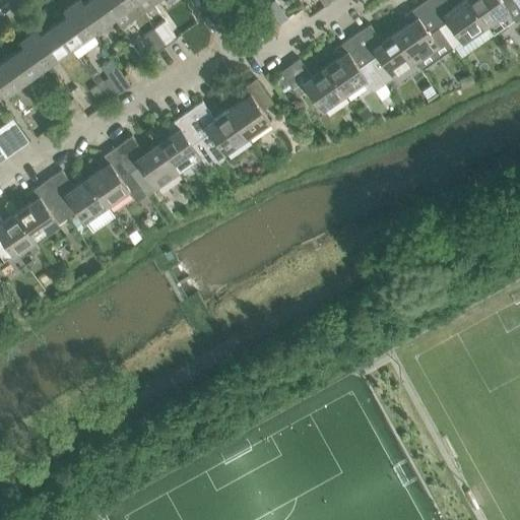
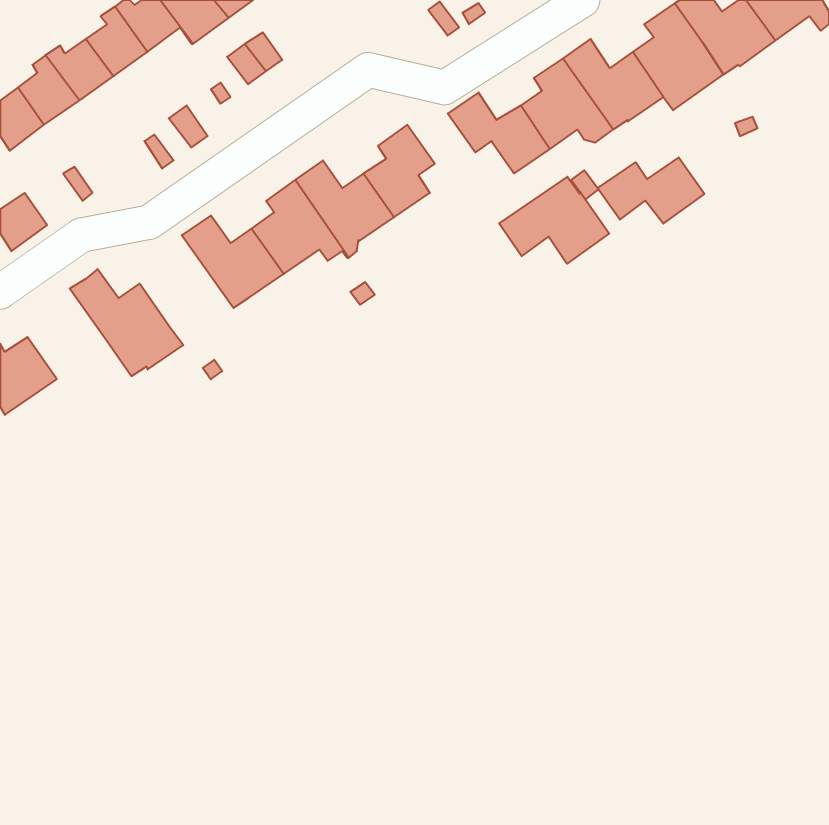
building: none -> [598,157,704,224]
building: none -> [499,177,609,264]
building: [87,149,150,207] -> none
building: [17,183,68,240] -> none

